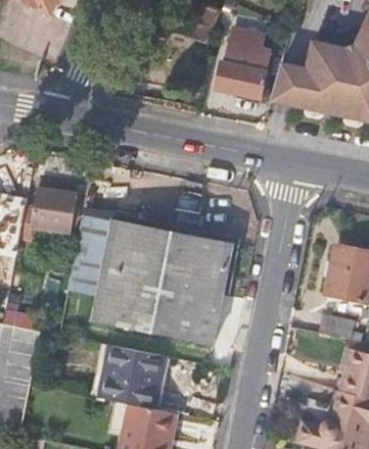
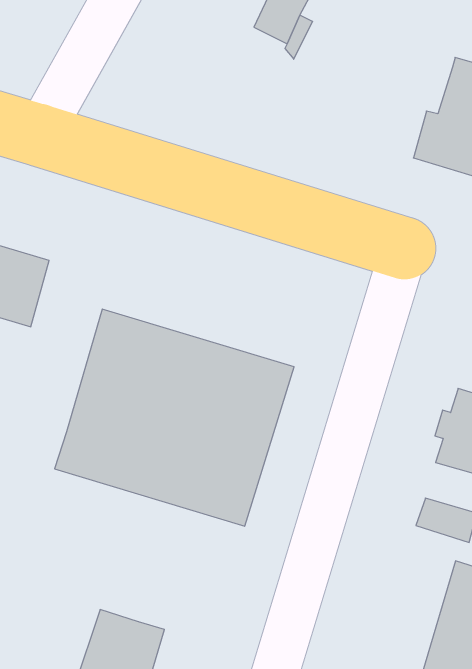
building: [219,30,271,97] -> none
building: [270,65,309,107] -> none
building: [74,213,112,297] -> none
building: [101,345,165,409] -> none

